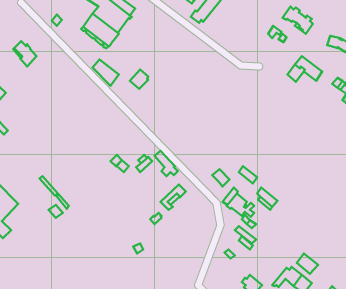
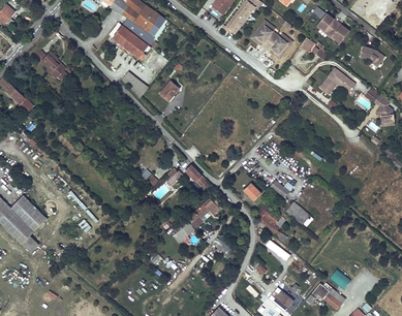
building: none -> [254,25,289,56]

